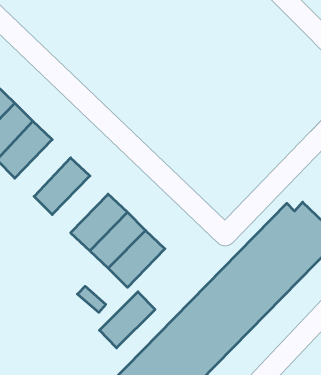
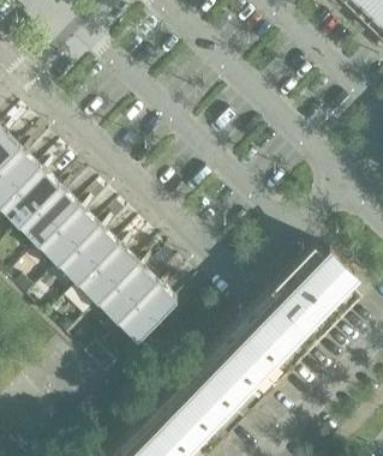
building: none -> [19,187,78,247]
building: none -> [59,226,118,286]
building: [99,292,155,348] -> none

